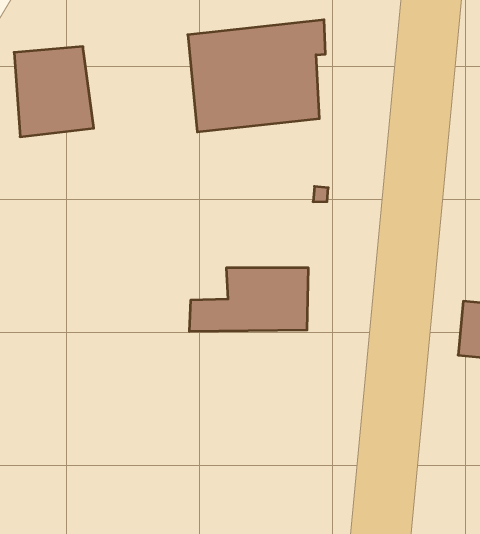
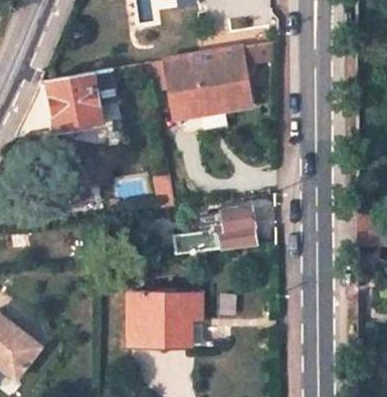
building: none -> [135,294,202,348]

